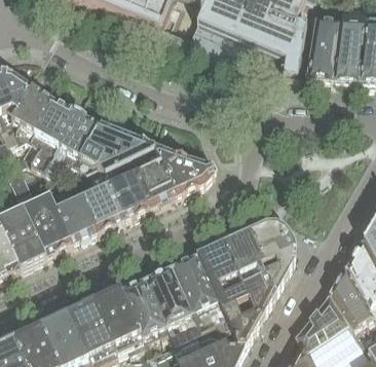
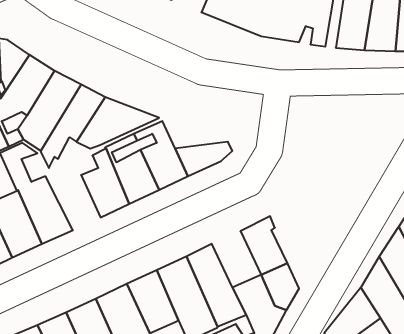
building: [151,142,210,168] -> none
building: [46,185,96,241] -> none
building: [248,220,295,293] -> none
building: [195,242,239,292] -> none

